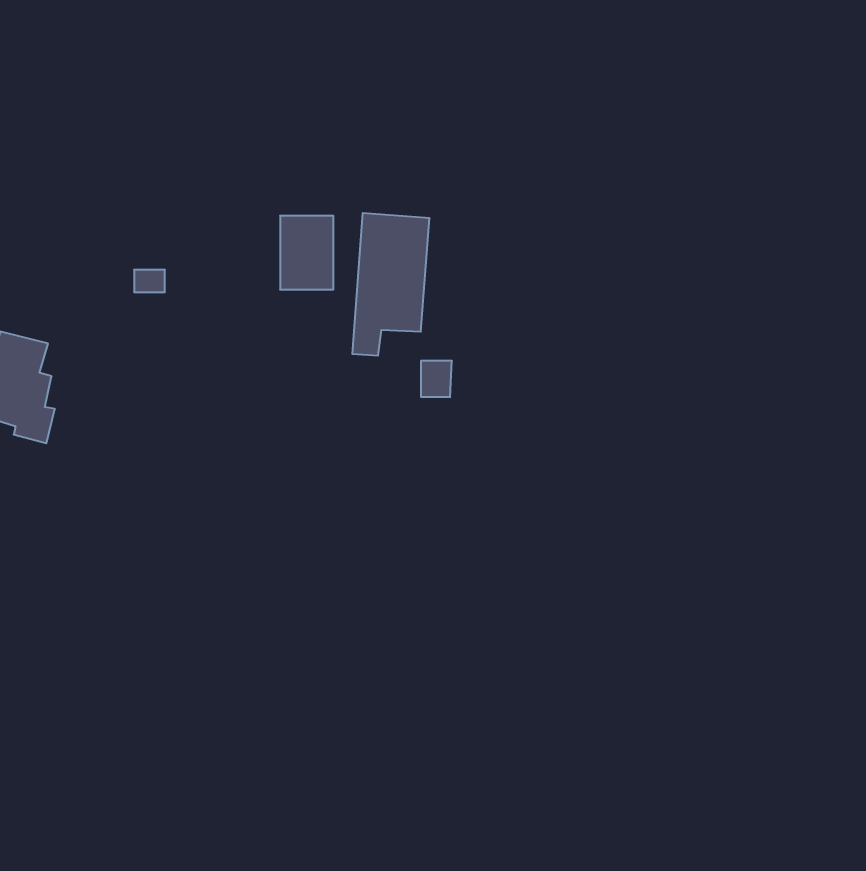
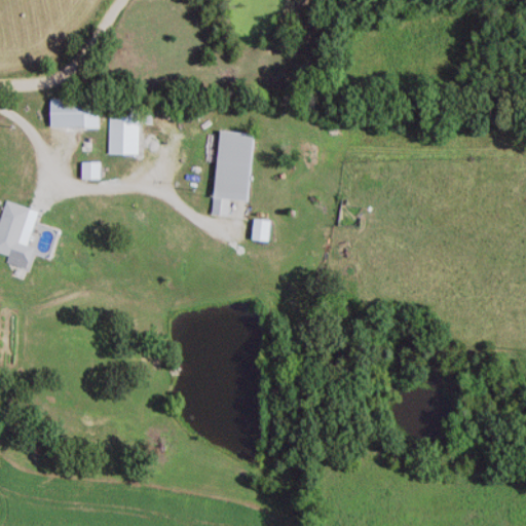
building: none -> [47,100,100,129]
building: [280,216,333,290] -> [106,111,138,155]

